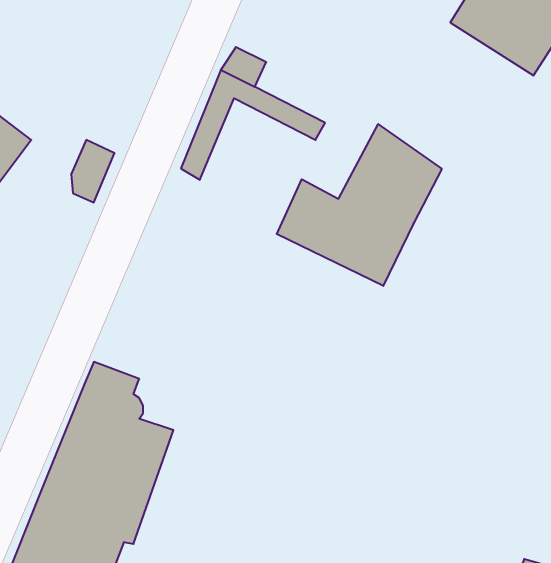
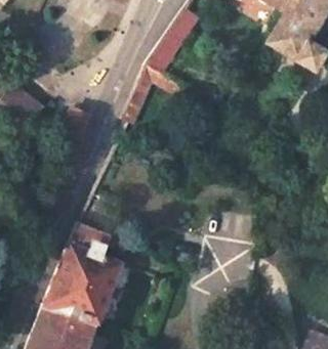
building: [277,124,442,286] -> none

